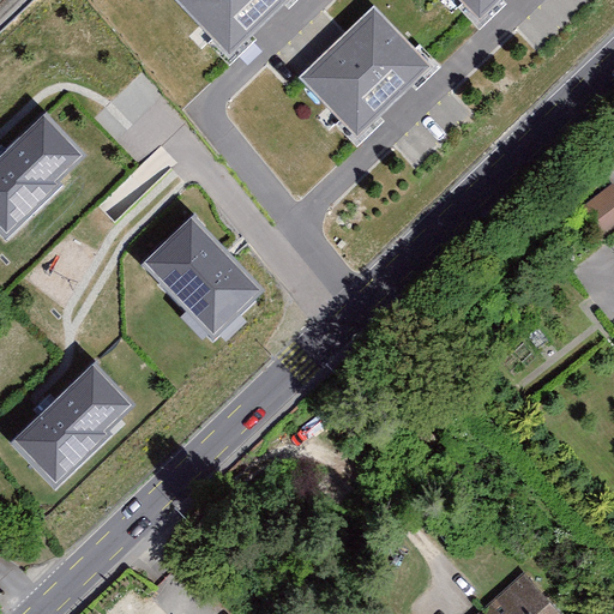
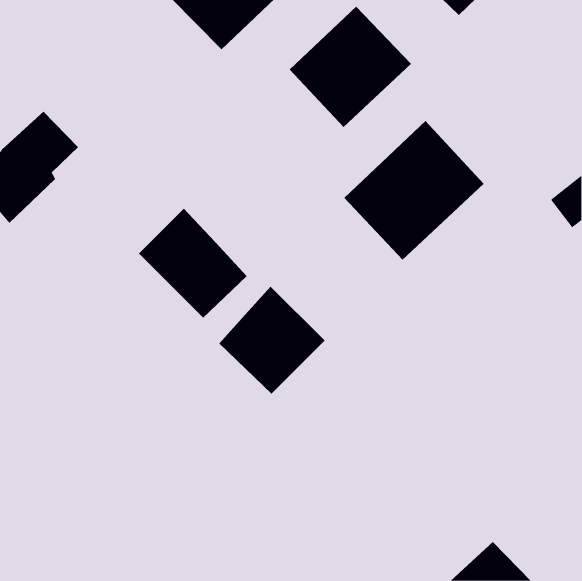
building: none -> [344,120,484,260]
building: none -> [218,286,325,395]
building: [10,365,126,483] -> none

